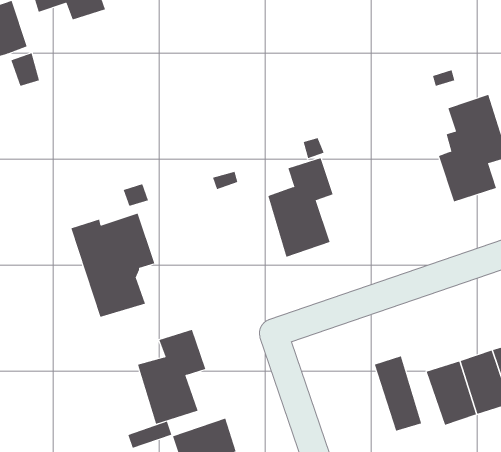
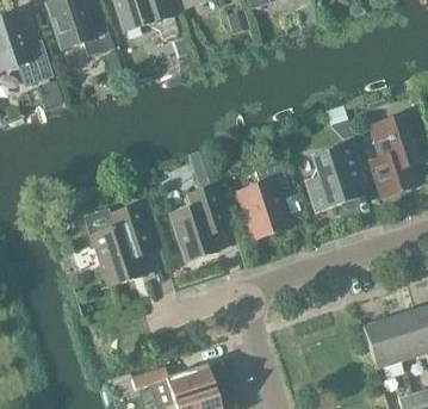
building: none -> [306,143,364,211]
building: [137,329,206,425] -> [170,186,224,260]
building: [374,356,422,431] -> none

